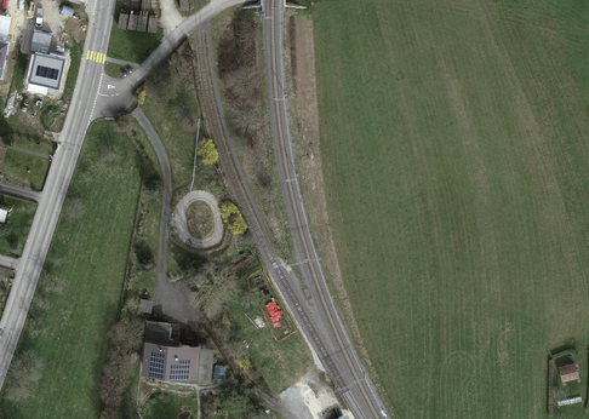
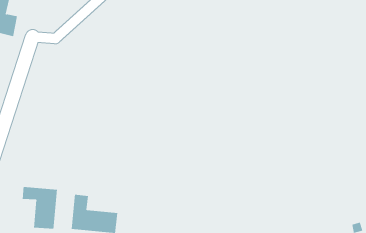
building: none -> [22,186,58,230]

